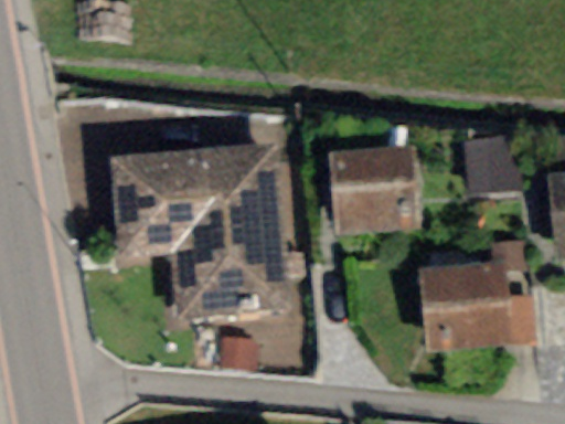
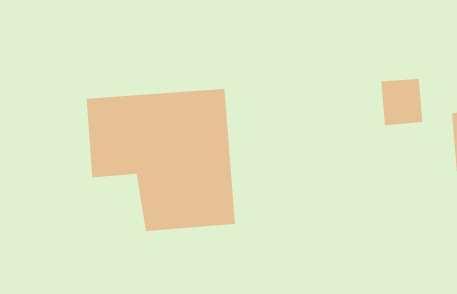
building: [329,145,422,234] -> none
building: [419,236,535,351] -> none

